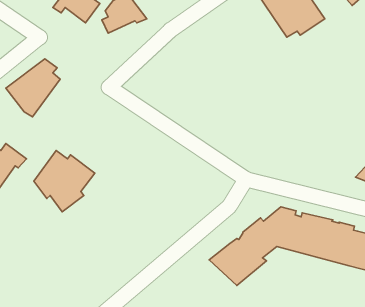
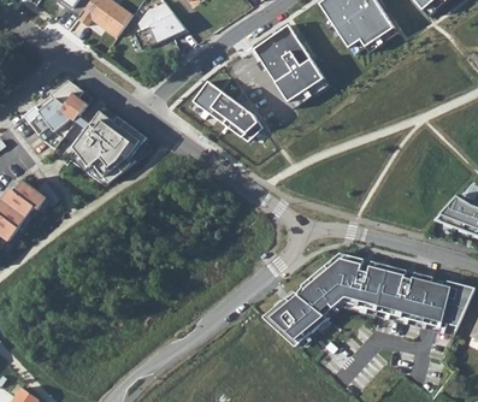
building: none -> [253,24,329,108]
building: none -> [193,81,261,141]
building: [34,151,95,212] -> [72,111,144,183]

